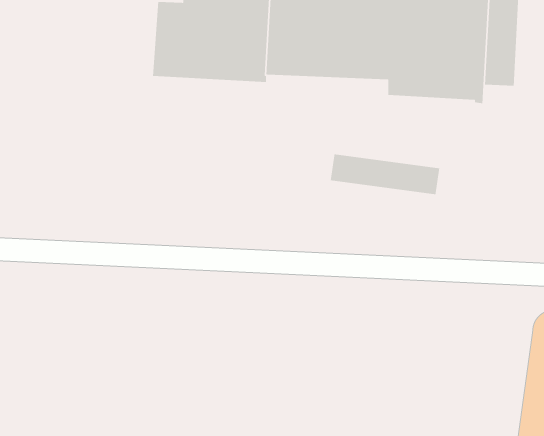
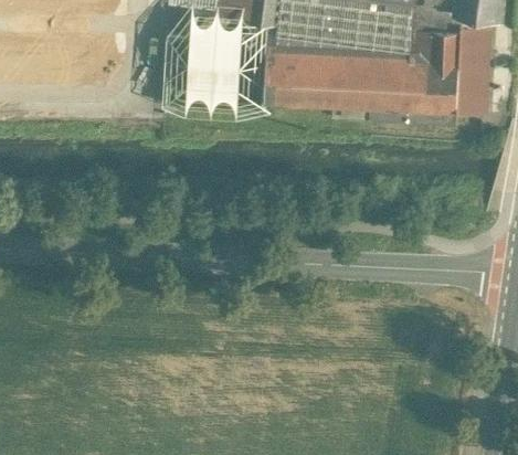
building: [330,153,440,195] -> none

